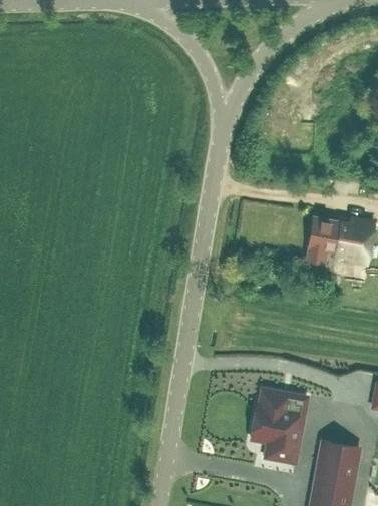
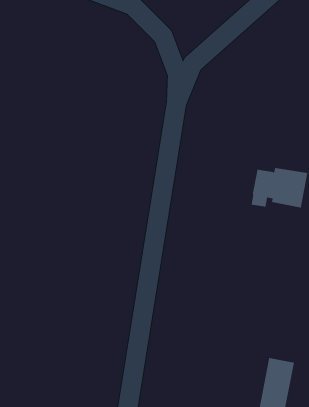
building: [253,391,306,464] -> none

